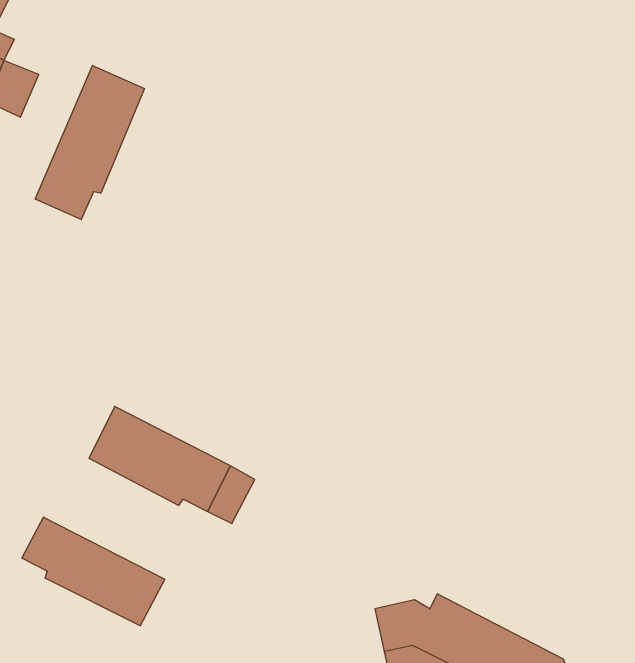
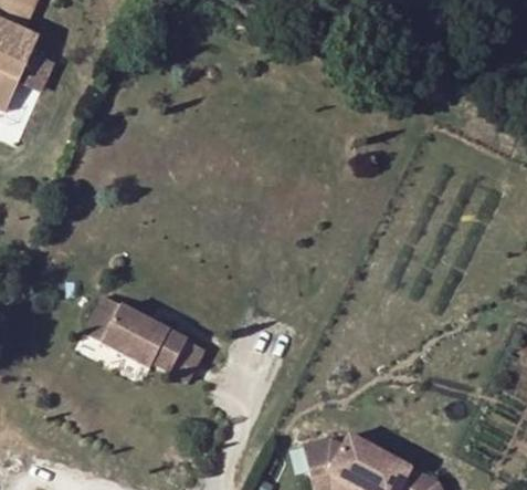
building: [35,65,145,220] -> none
building: [22,517,165,626] -> none

